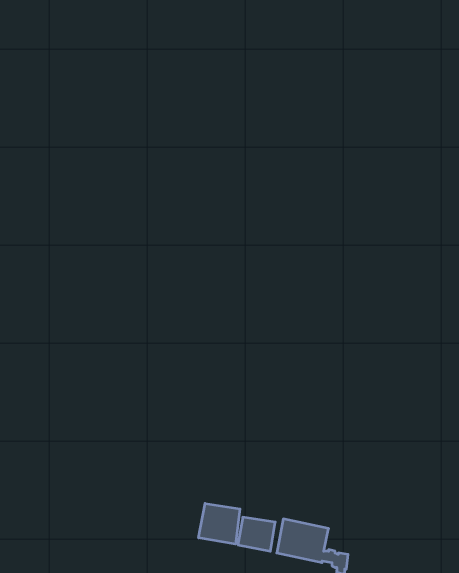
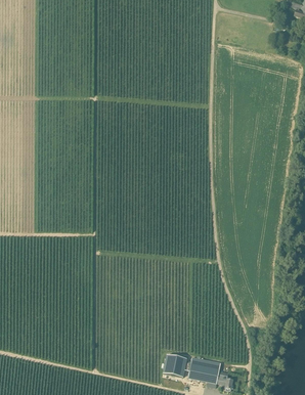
building: [199,503,240,544] -> none

